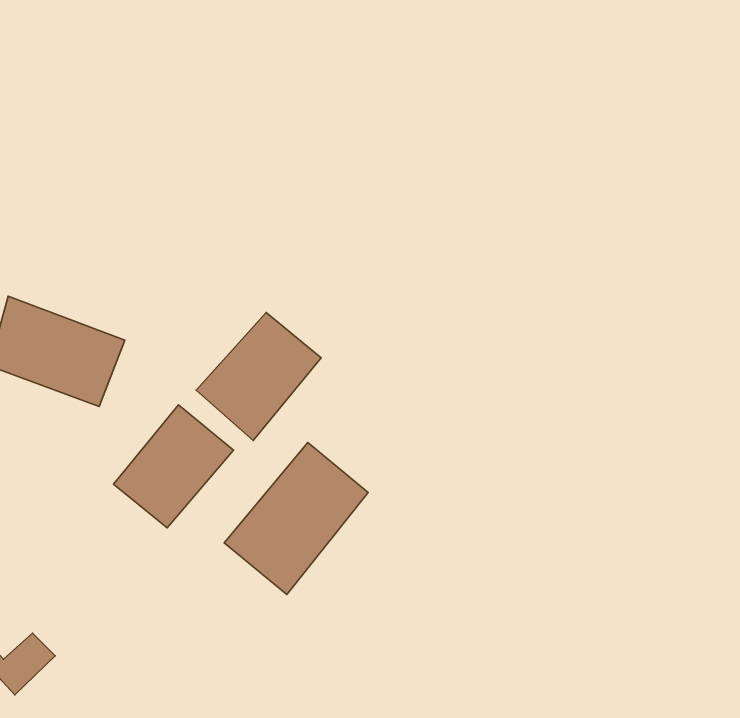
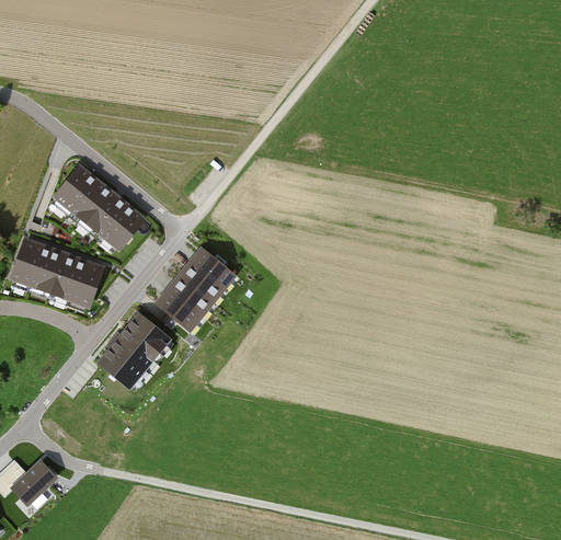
building: none -> [54,165,146,252]
building: [224,442,368,595] -> none

